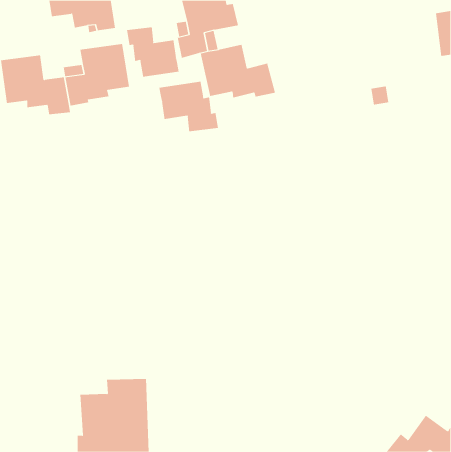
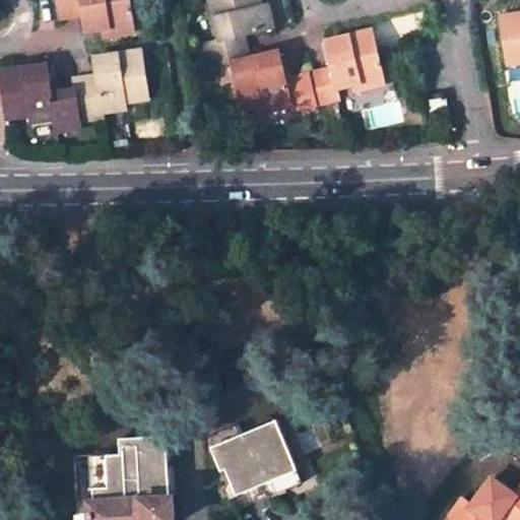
building: none -> [308,29,384,107]
building: [127,27,179,78] -> none
building: [159,81,218,132] -> none
building: none -> [213,425,299,508]

